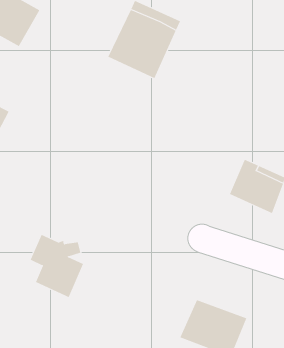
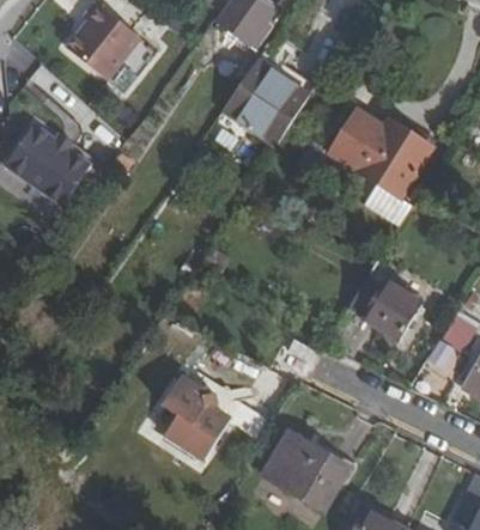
building: none -> [328,110,432,200]
building: [30,234,84,298] -> [160,376,227,461]

